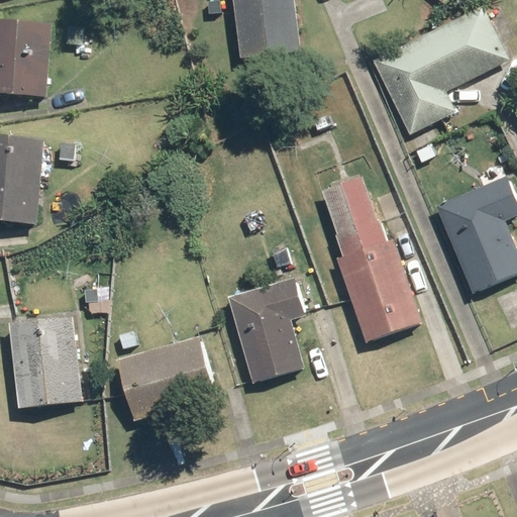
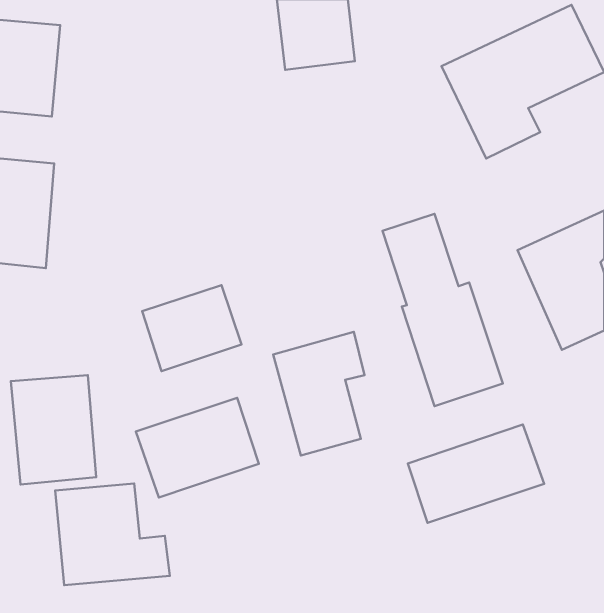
building: none -> [142,285,242,371]
building: none -> [408,424,544,523]
building: none -> [55,483,170,585]

